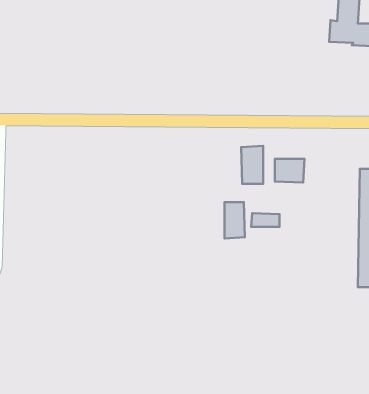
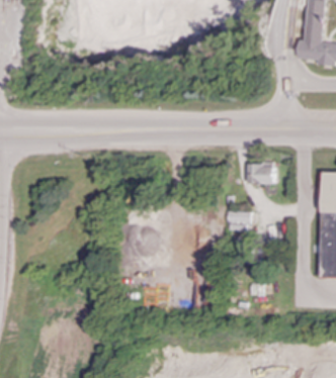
building: [241,146,263,184] -> none
building: [224,202,245,238] -> none

